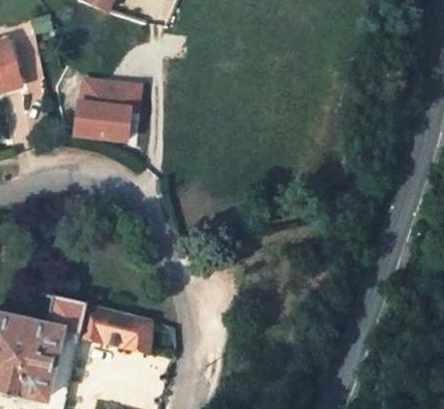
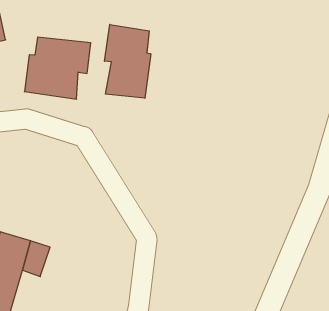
building: none -> [105,24,151,98]
building: [100,309,151,353] -> none

